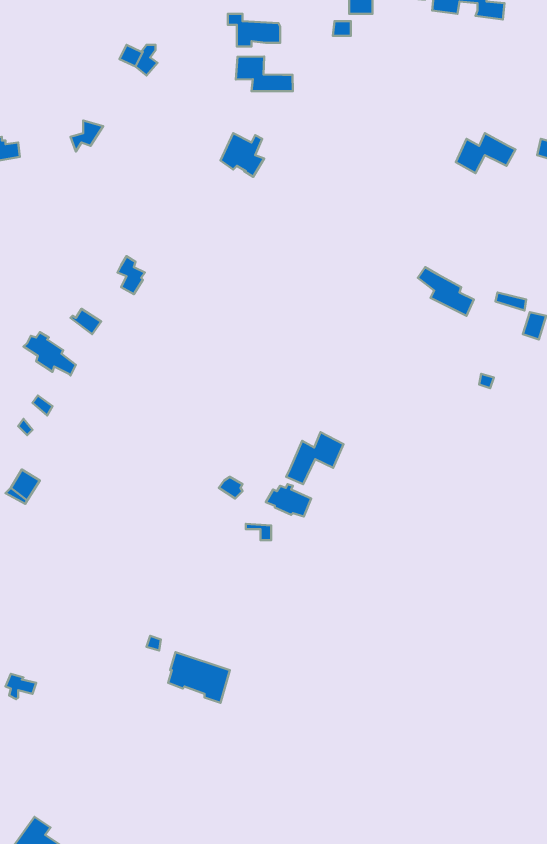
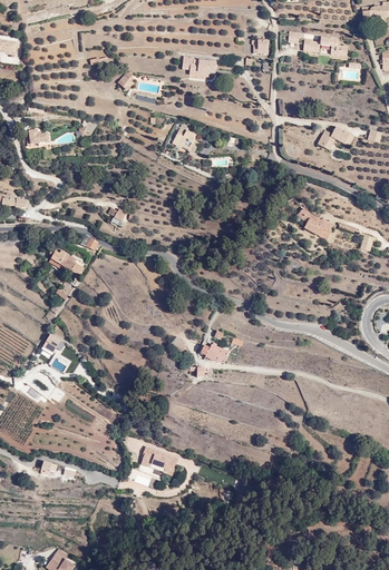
building: [236,57,293,91] -> none
building: [286,432,343,484] -> none

